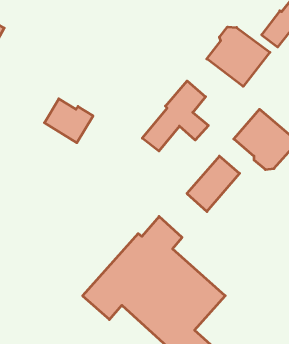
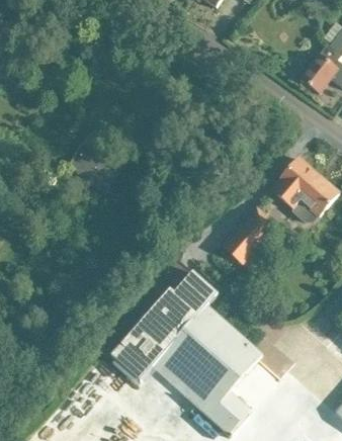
building: [207,27,270,86] -> none
building: [142,81,208,151] -> none

